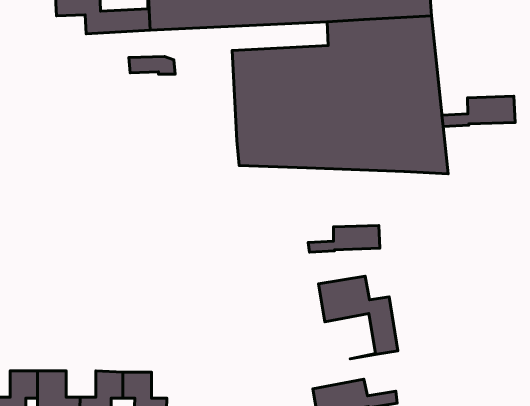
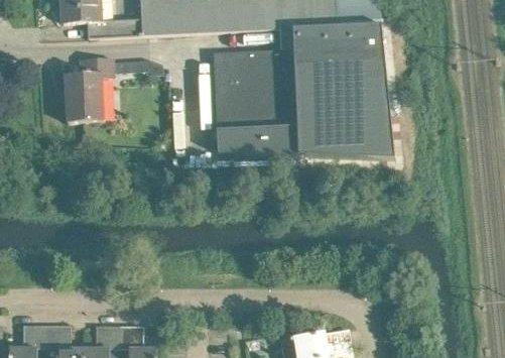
building: none -> [65,58,113,123]
building: [442,96,515,126] -> none
building: [308,225,380,252] -> none
building: [319,276,398,359] -> none

